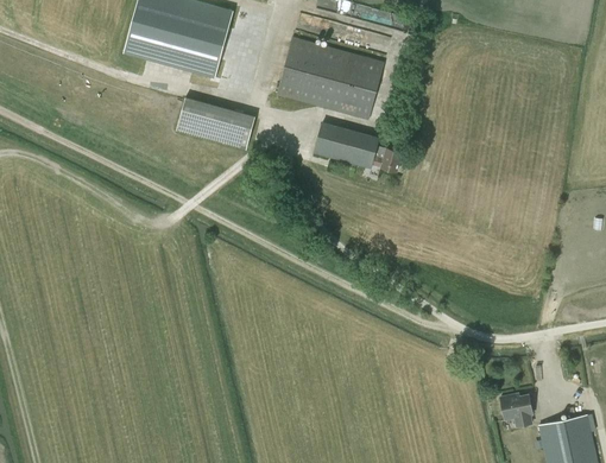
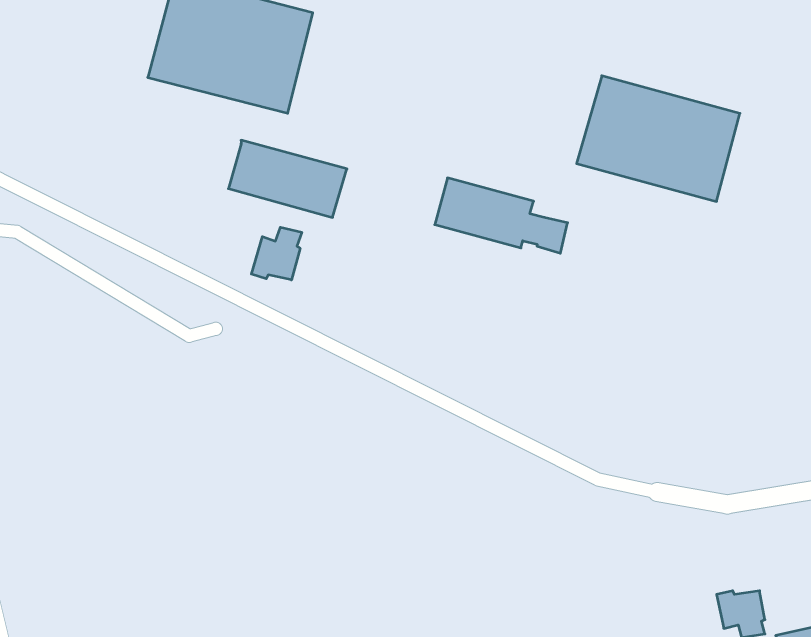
building: [277,36,385,119] -> [577,76,740,201]
building: none -> [251,227,302,280]

